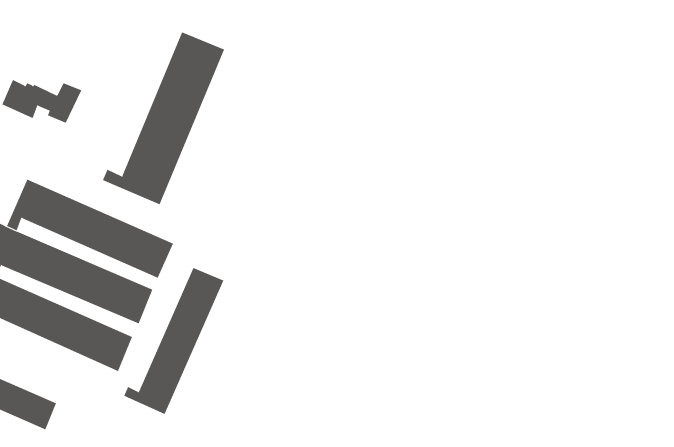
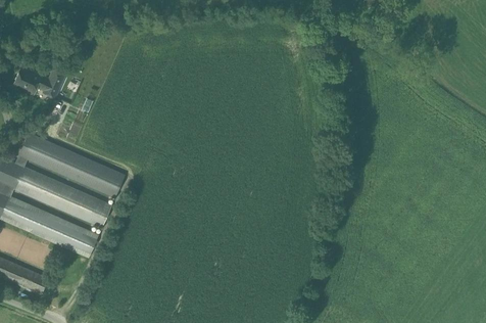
building: [102,32,225,205] -> none
building: [123,267,224,415] -> none

